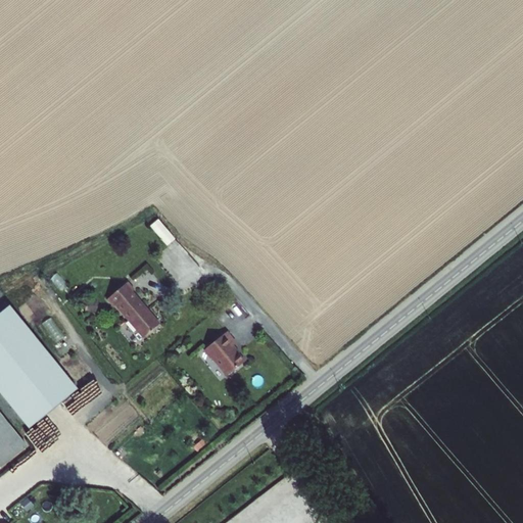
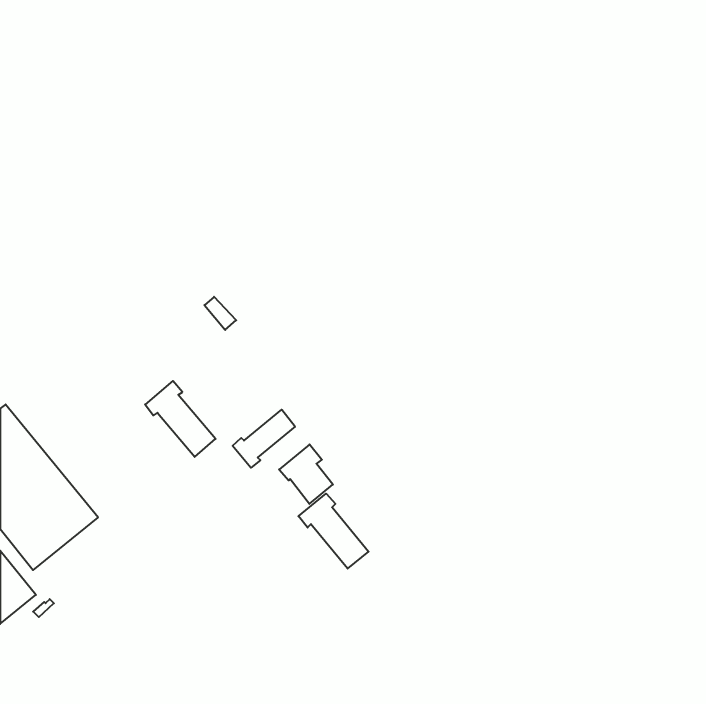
building: none -> [233,410,295,468]
building: none -> [298,494,369,569]

